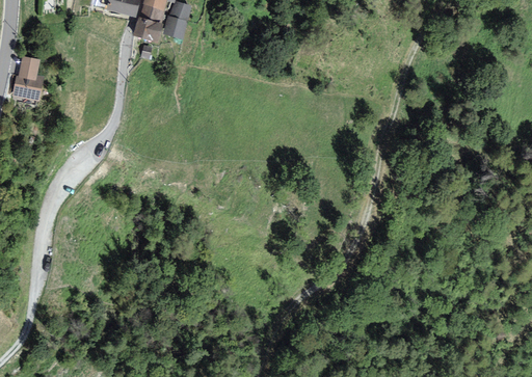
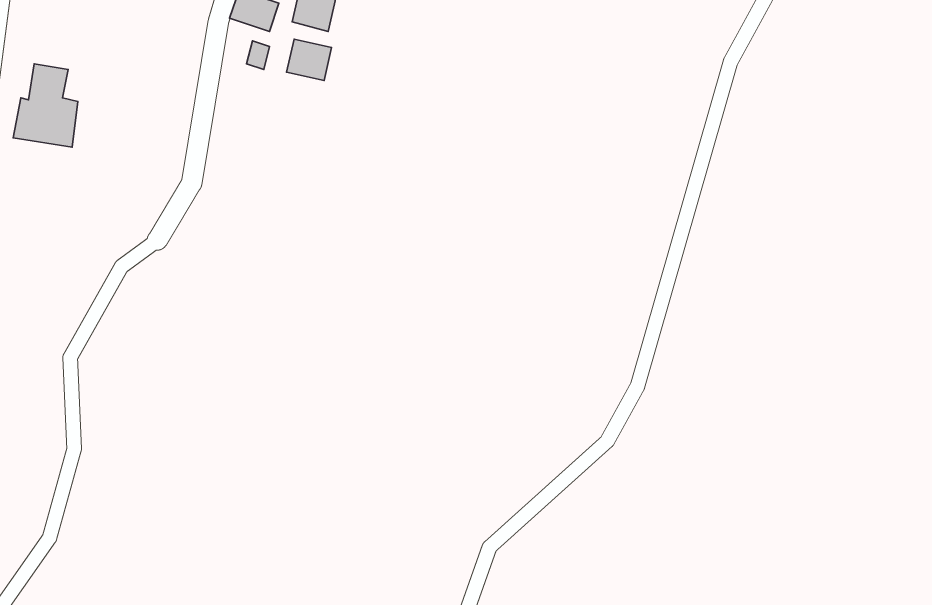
building: none -> [287,39,332,81]

